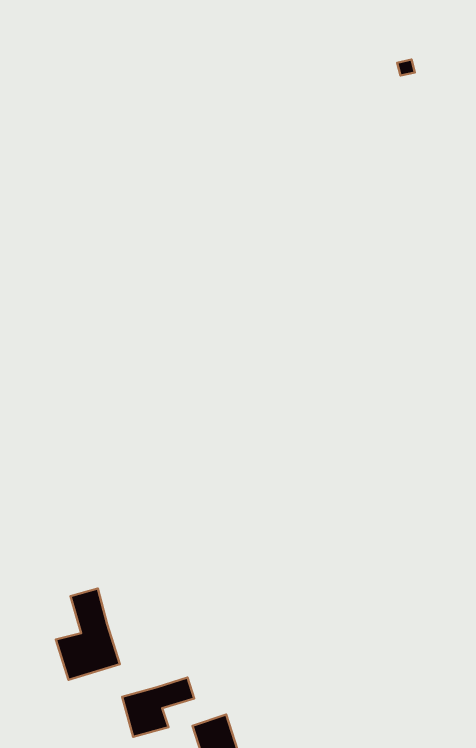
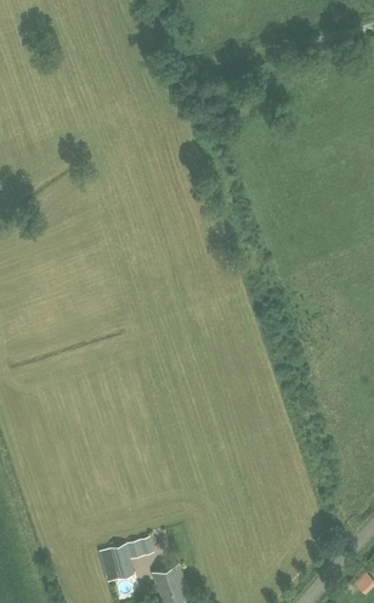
building: [56,588,120,680] -> none

